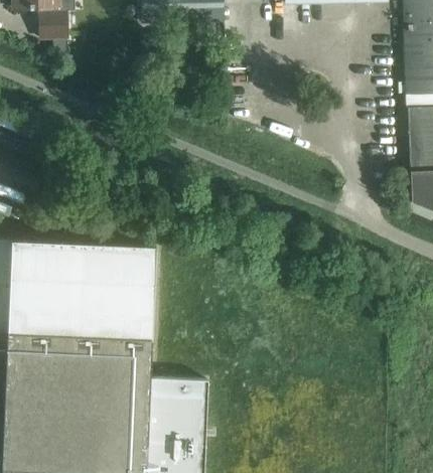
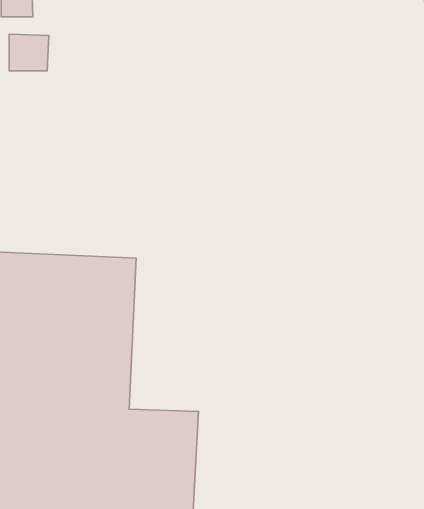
building: none -> [9,34,49,71]

